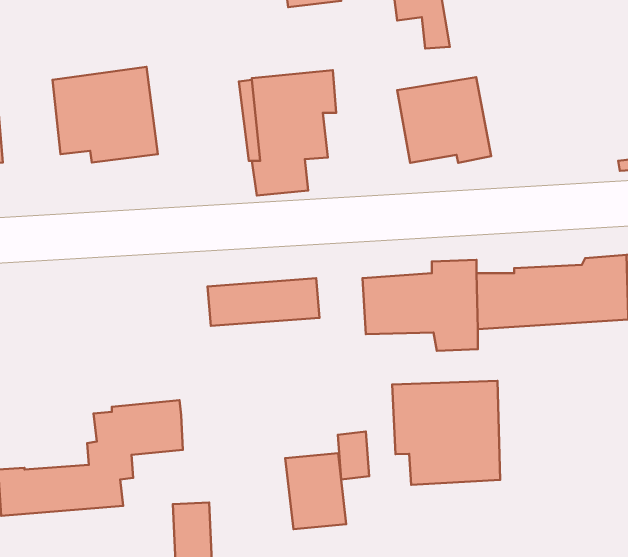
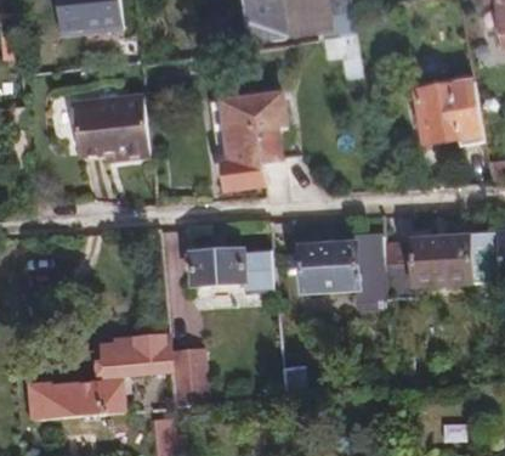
building: [397,77,491,163] -> [415,78,484,141]
building: [392,381,500,485] -> none
building: [285,453,346,529] -> [168,344,212,400]

